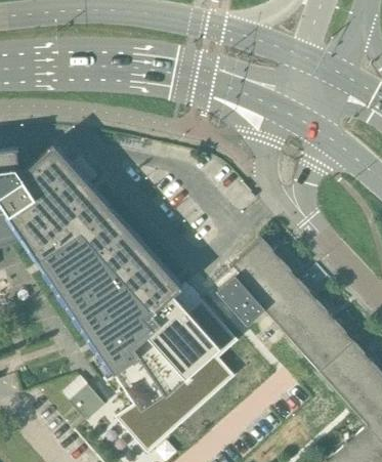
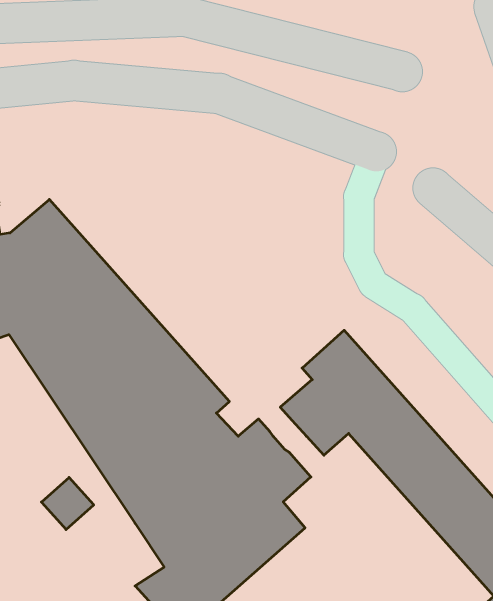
building: [68,383,104,420] -> [41,477,94,530]

